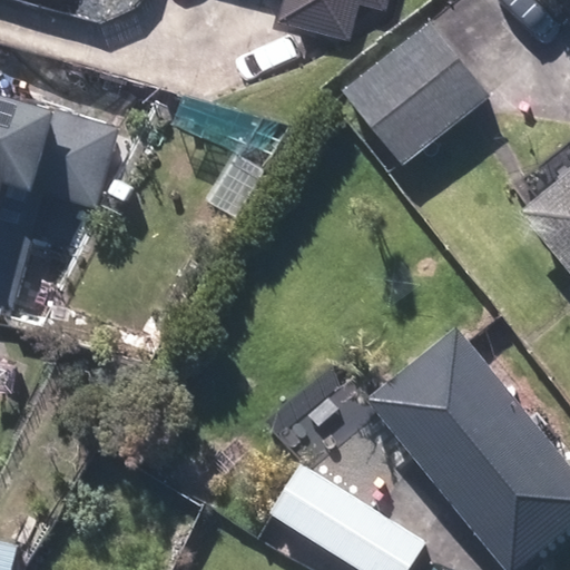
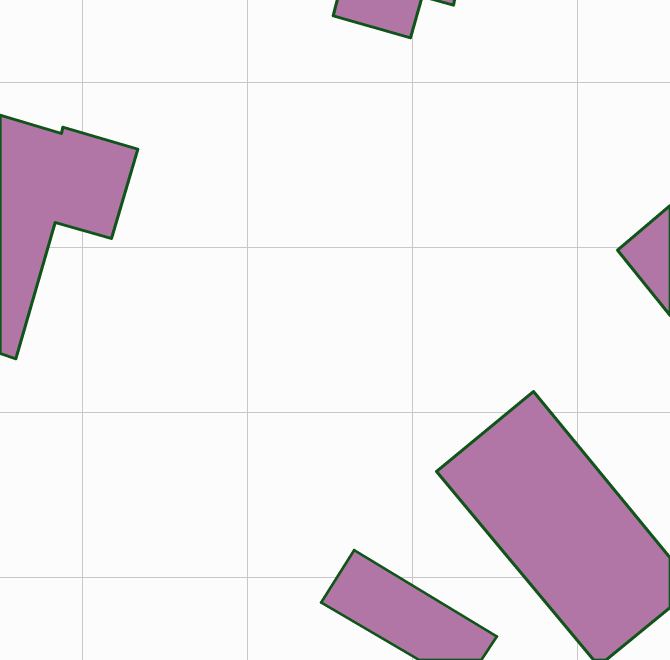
building: [351,27,488,161] -> none

